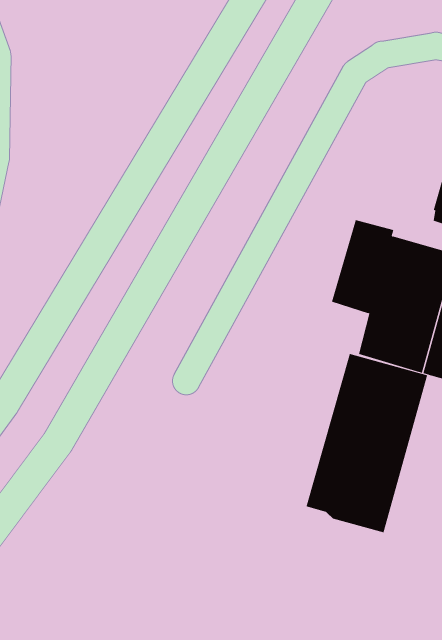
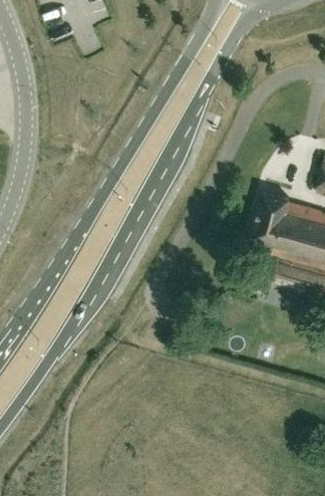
building: [306,353,428,533] -> none

